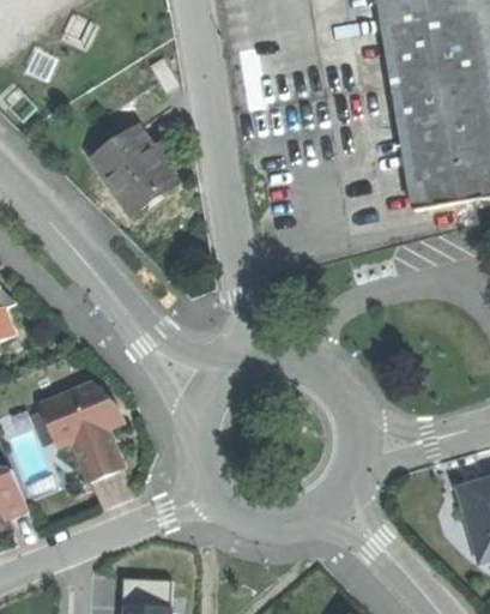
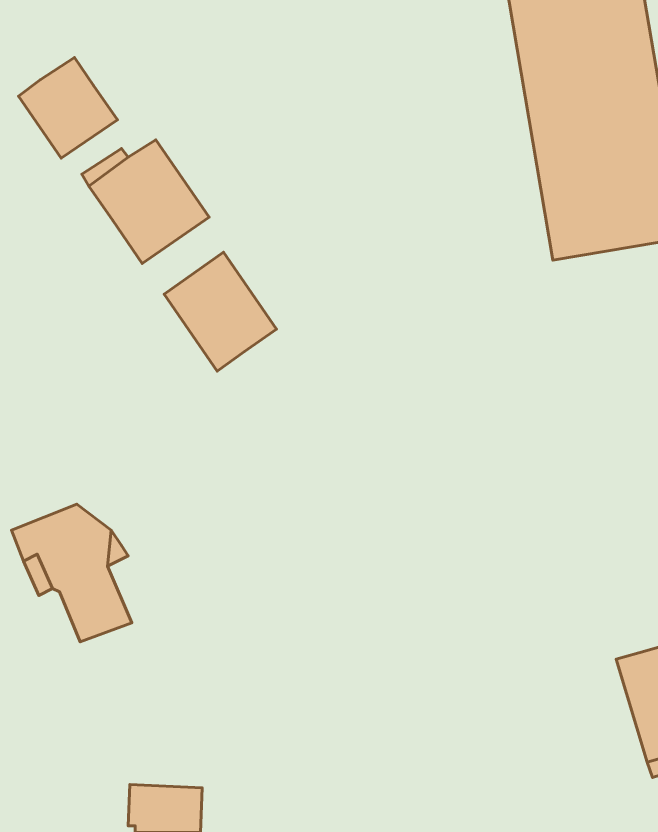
building: none -> [18,58,117,158]
building: none -> [164,252,277,371]

